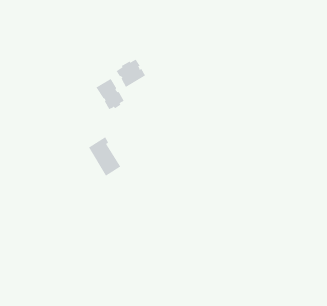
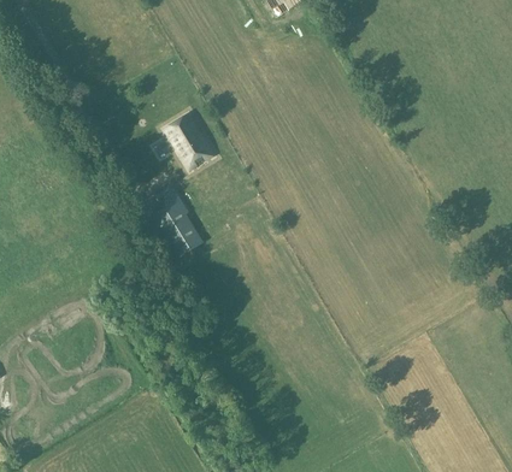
building: [116,59,146,88] -> none

